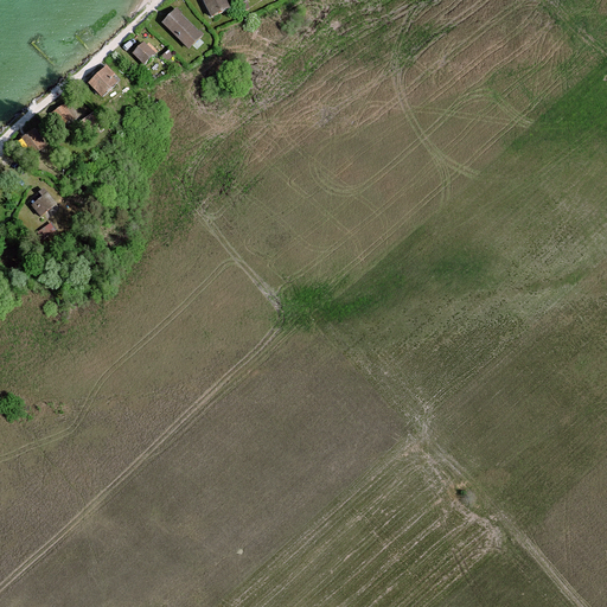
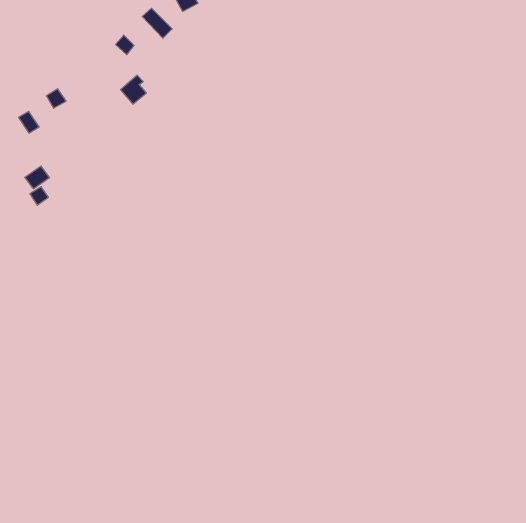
building: [88,64,117,97] -> [121,75,146,104]

